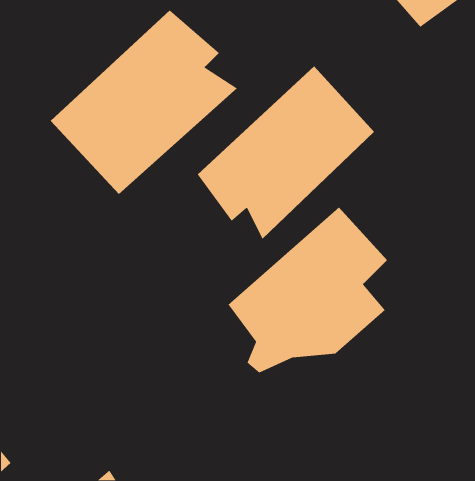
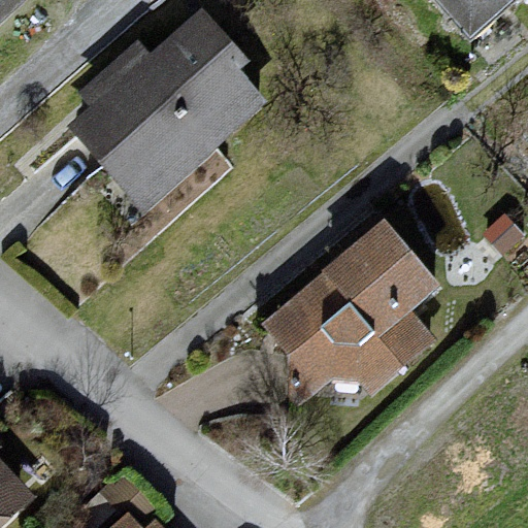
building: [197,66,375,240] -> none

